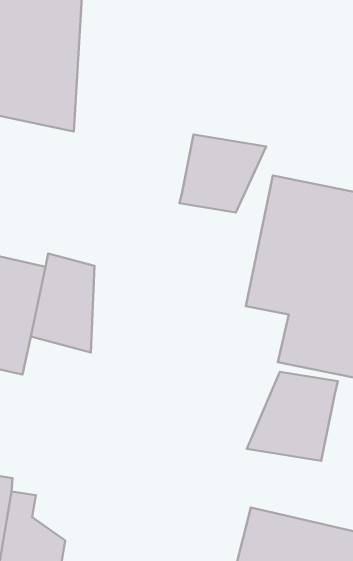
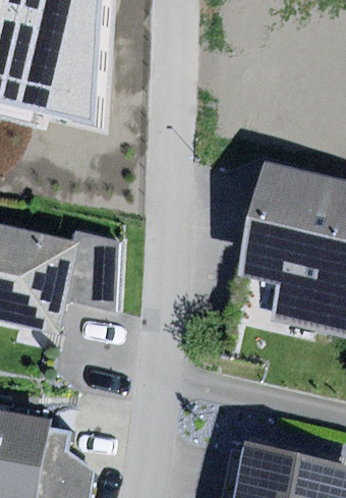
building: [179,135,266,213] -> none
building: [247,372,338,461] -> none

